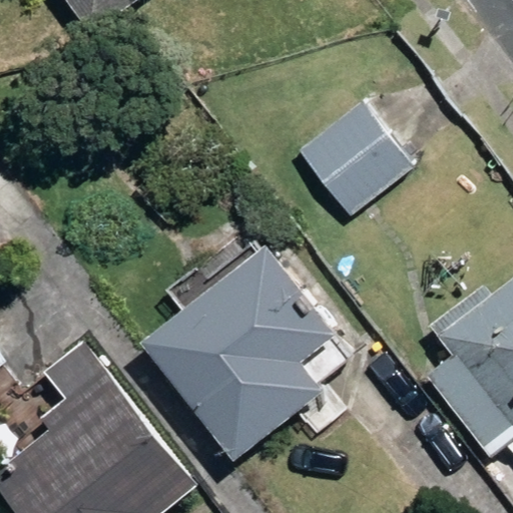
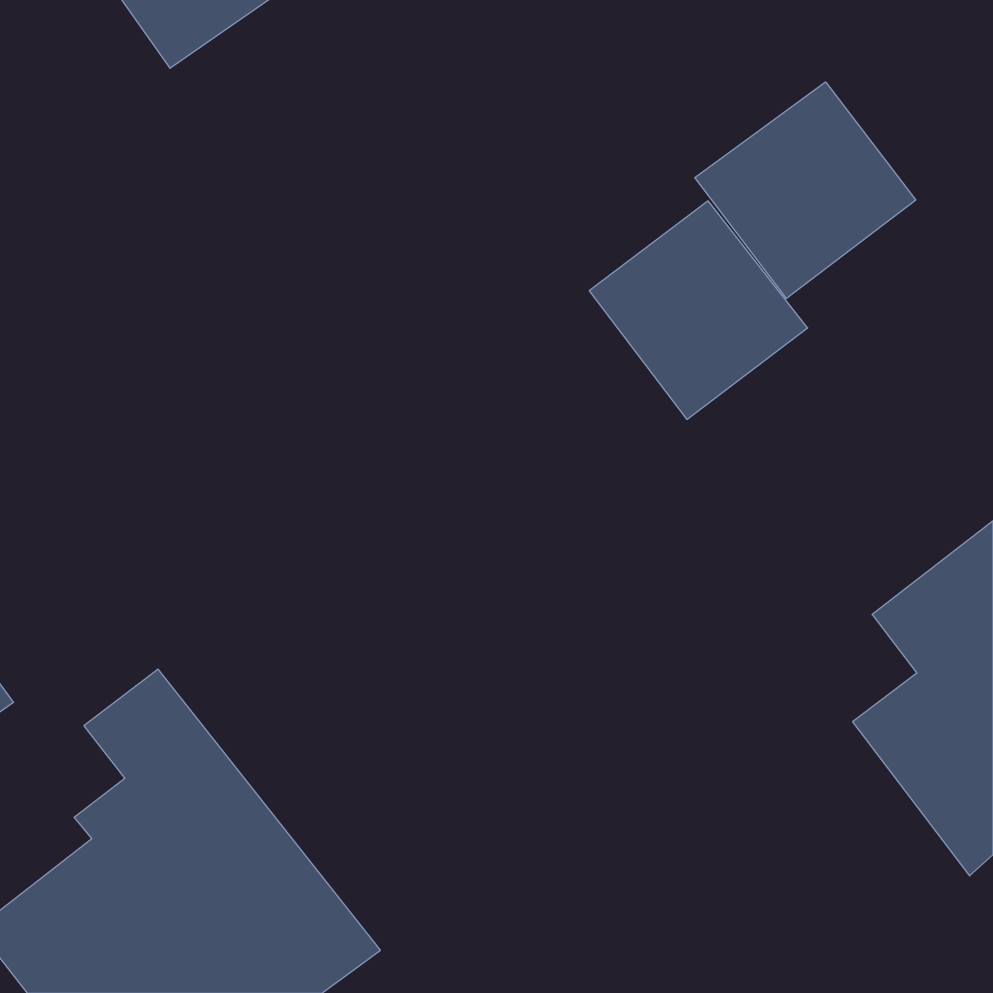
building: none -> [695,82,916,298]
building: [142,250,333,456] -> none

